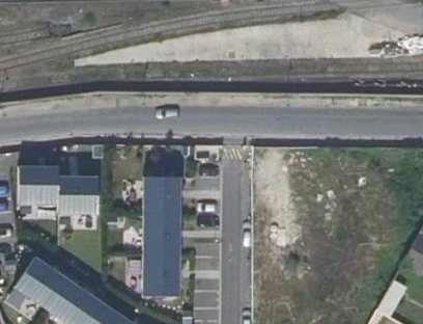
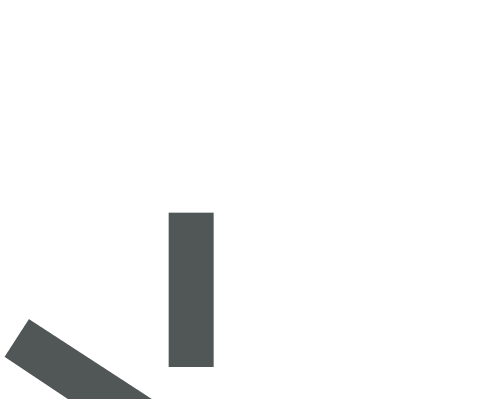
building: [18,168,97,214] -> none

